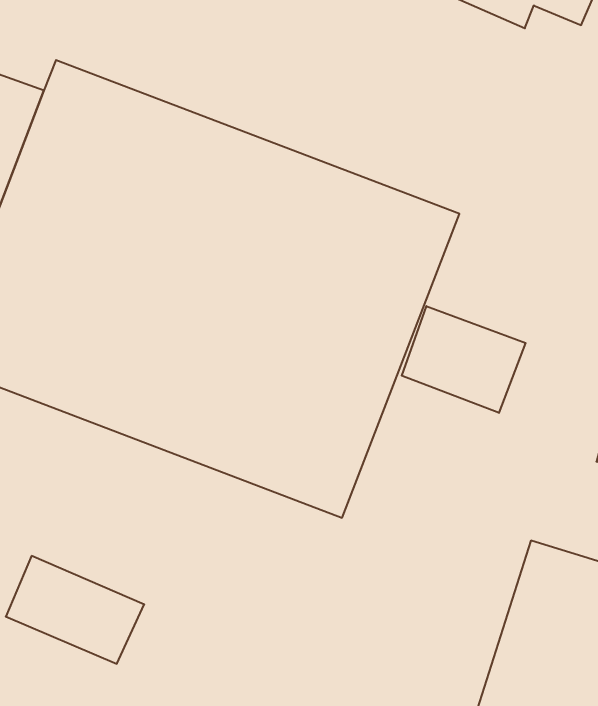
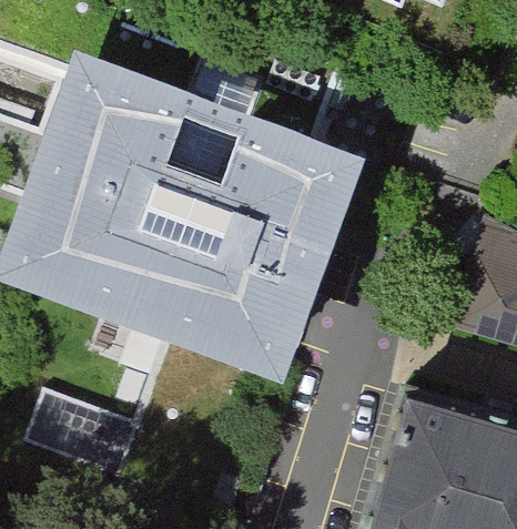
building: [402,306,526,413] -> none

